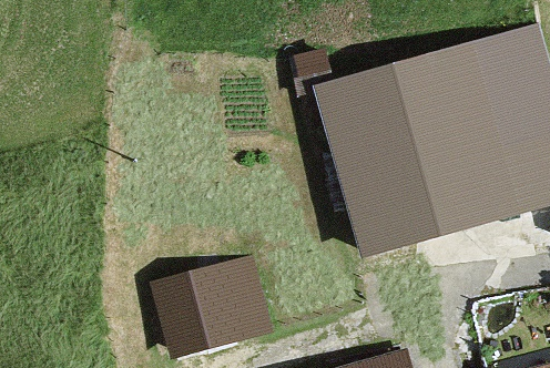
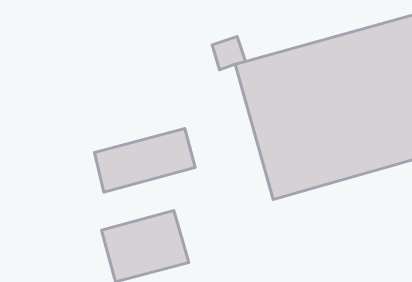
building: none -> [95,128,195,192]

